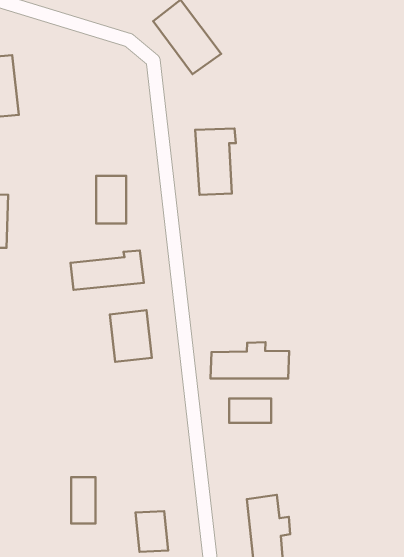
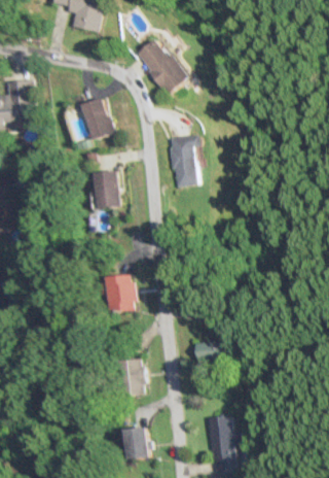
building: none -> [81,99,112,140]
building: [70,251,144,290] -> none
building: [211,342,289,378] -> none
building: [71,477,96,523] -> [124,360,143,395]

